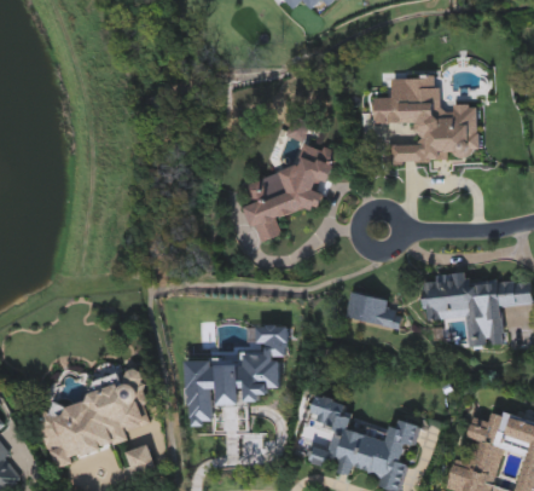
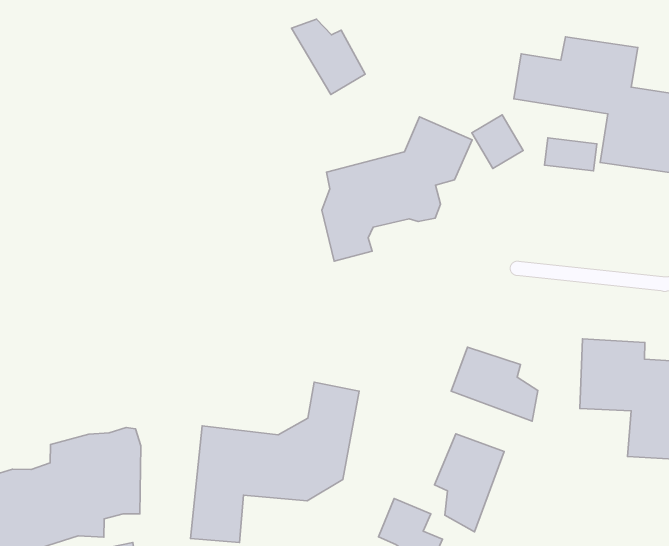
building: none -> [291,19,365,94]
building: none -> [472,115,523,168]
building: none -> [435,434,504,532]

